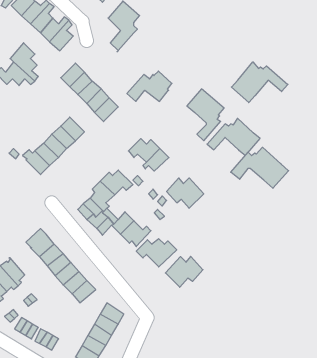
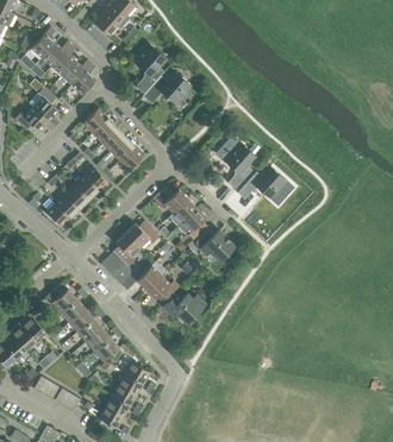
building: [231,62,288,103] -> none
building: [127,71,172,101] -> [143,72,191,105]
building: [231,147,289,188] -> none
building: none -> [177,208,207,240]
building: [165,256,203,287] -> none

